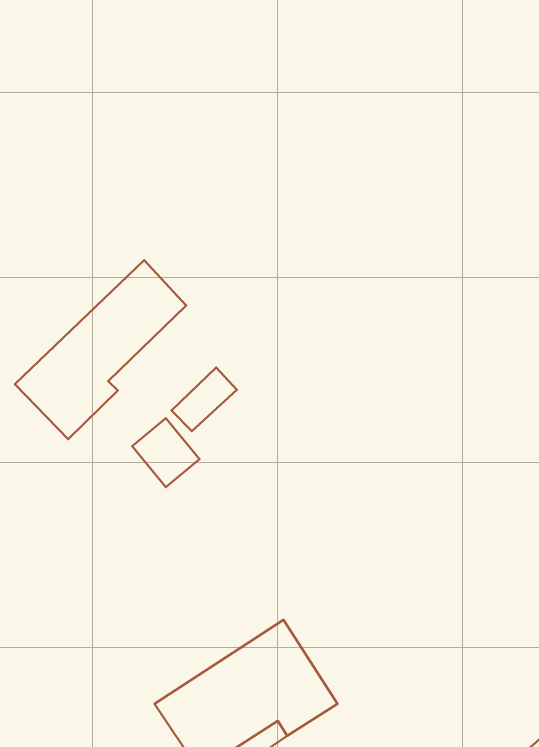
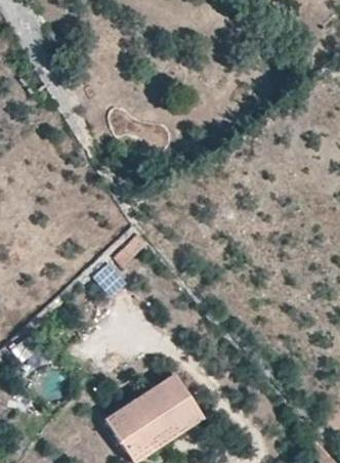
building: [15,260,186,439] -> none

